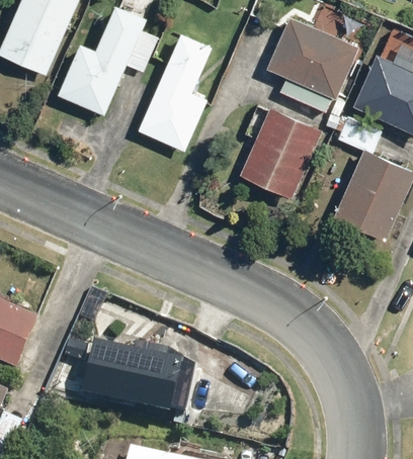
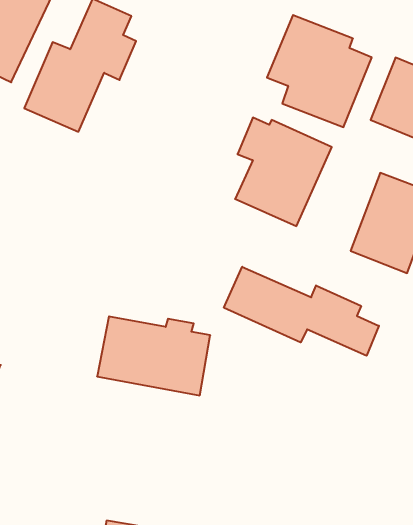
building: [139,31,222,150] -> none
building: none -> [224,267,379,356]
building: [88,342,185,409] -> [97,316,210,395]

